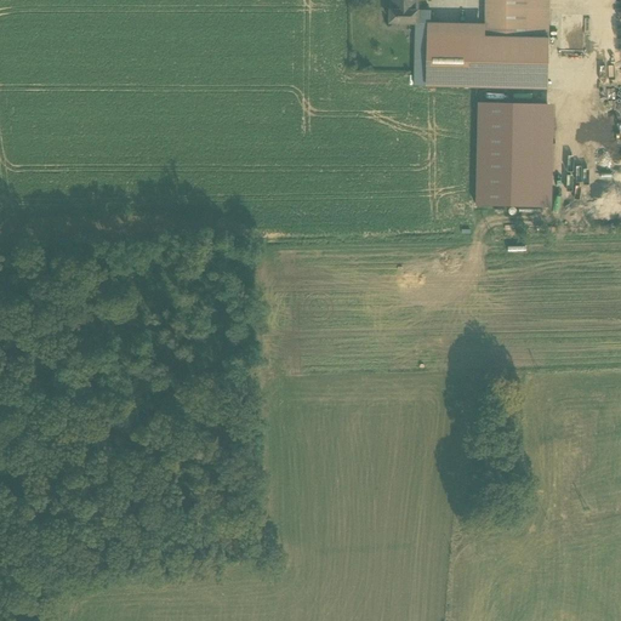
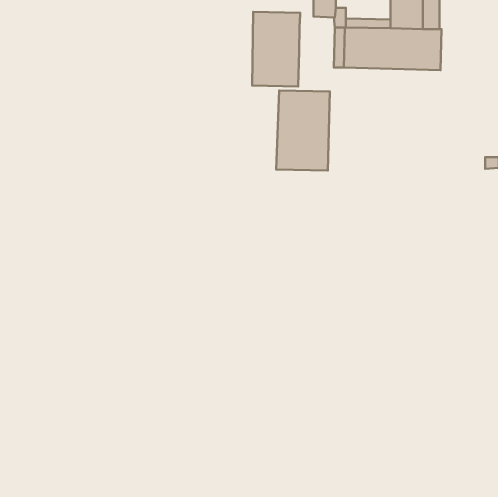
building: none -> [252,12,300,86]
building: [480,103,547,203] -> [276,91,330,171]

